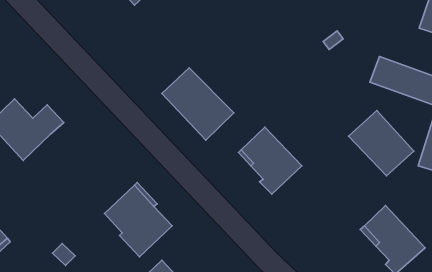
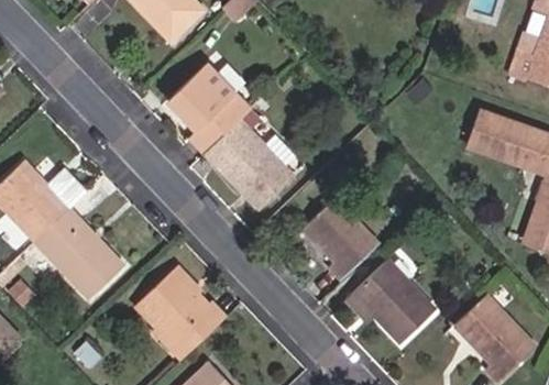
building: none -> [168,65,251,154]
building: [349,111,414,176] -> [352,259,433,340]
building: none -> [33,205,122,297]

